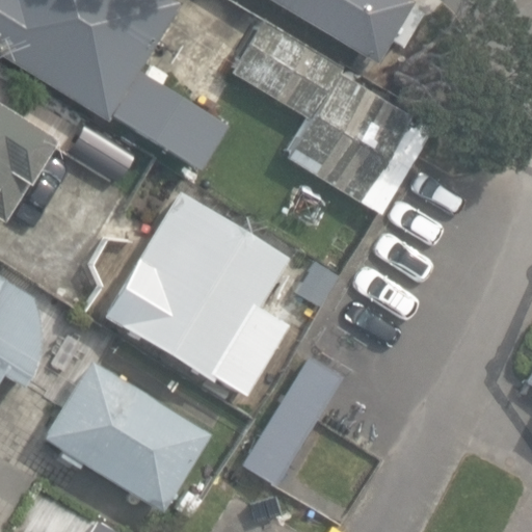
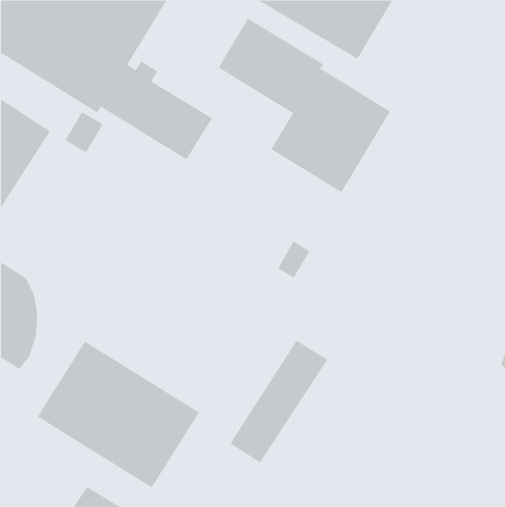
building: [100,191,288,394] -> none

